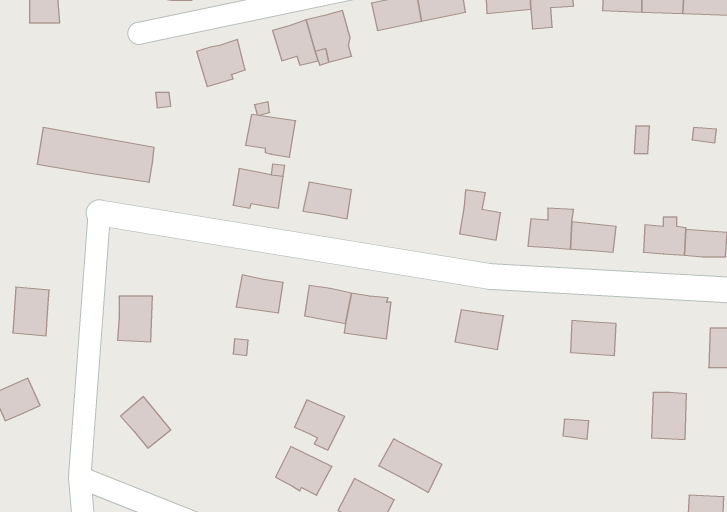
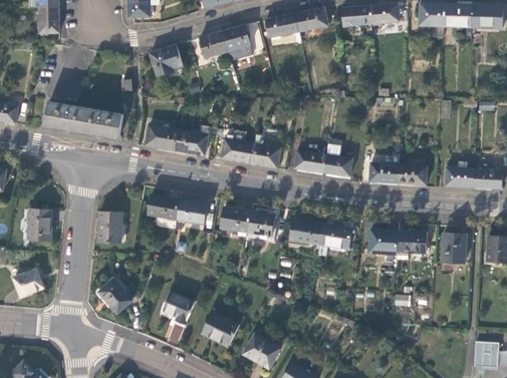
building: [245,115,296,157] -> [145,125,178,153]
building: none -> [249,143,280,167]
building: none -> [293,149,326,172]
building: none -> [148,196,180,221]
building: none -> [290,218,324,244]
building: none -> [370,229,398,253]
building: [652,392,687,439] -> [443,233,466,264]
building: [295,400,345,450] -> [162,292,195,325]
building: [379,439,442,493] -> none

